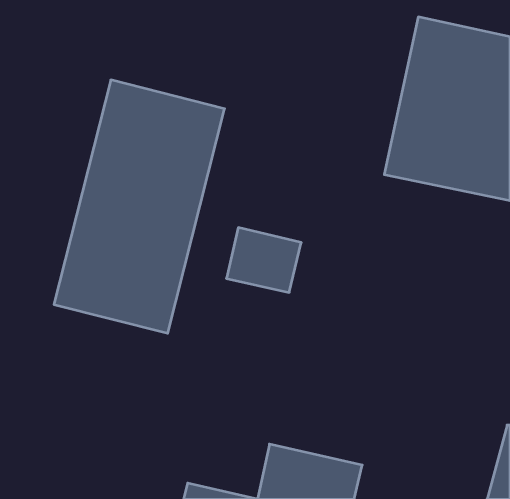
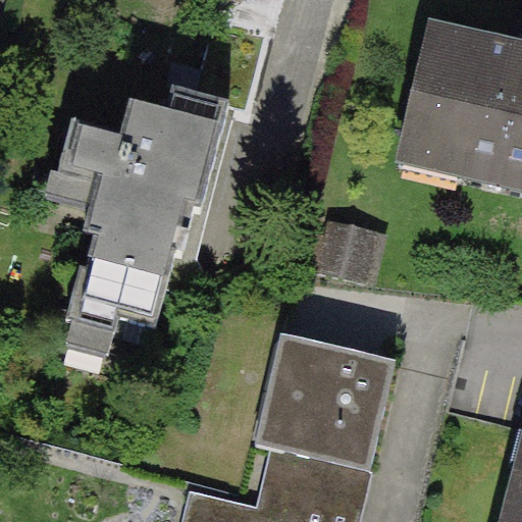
building: [226,228,301,292] -> [314,214,390,280]
building: none -> [259,334,398,472]

